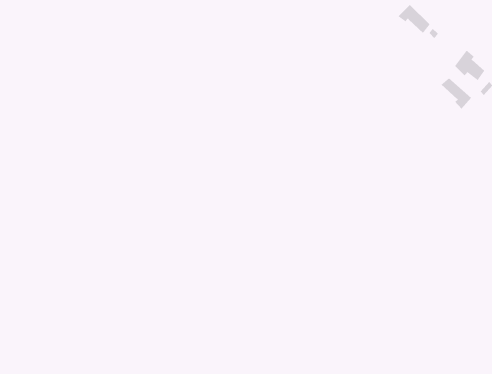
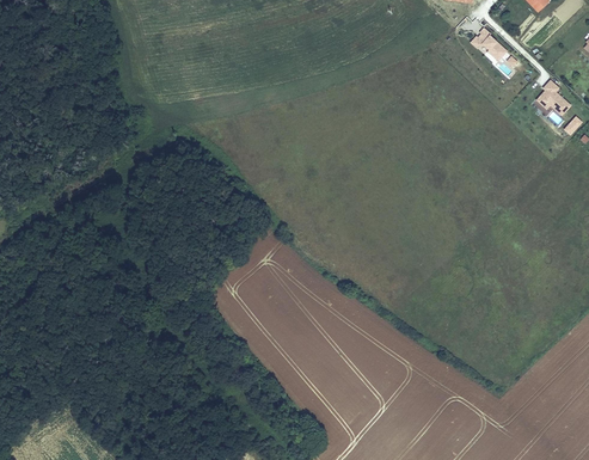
building: [441,78,472,110] -> none

